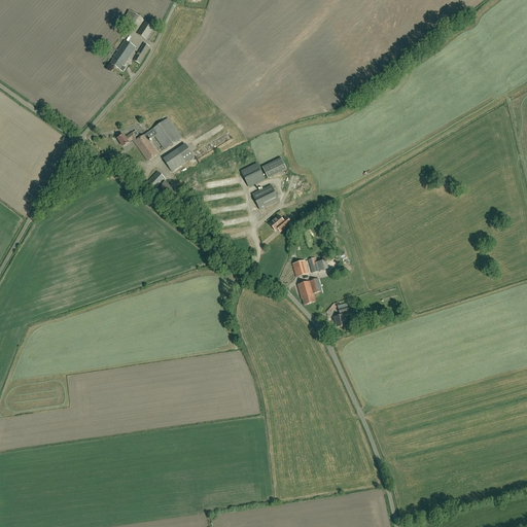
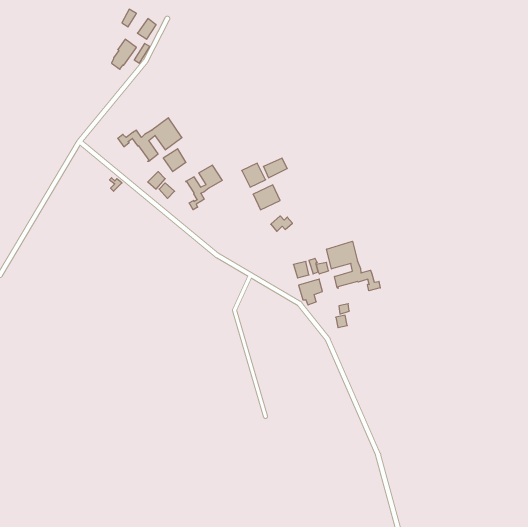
building: none -> [186,165,222,210]
building: none -> [327,241,380,291]

